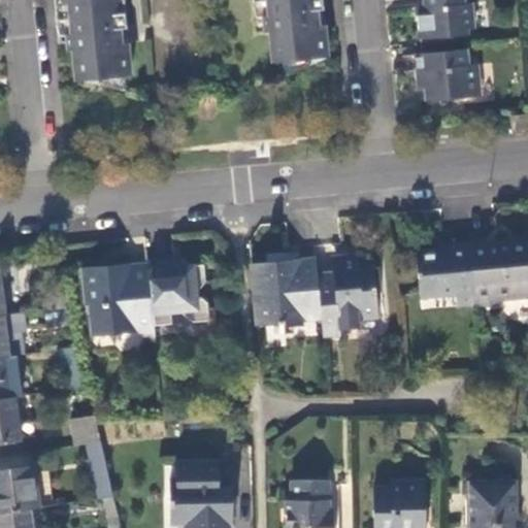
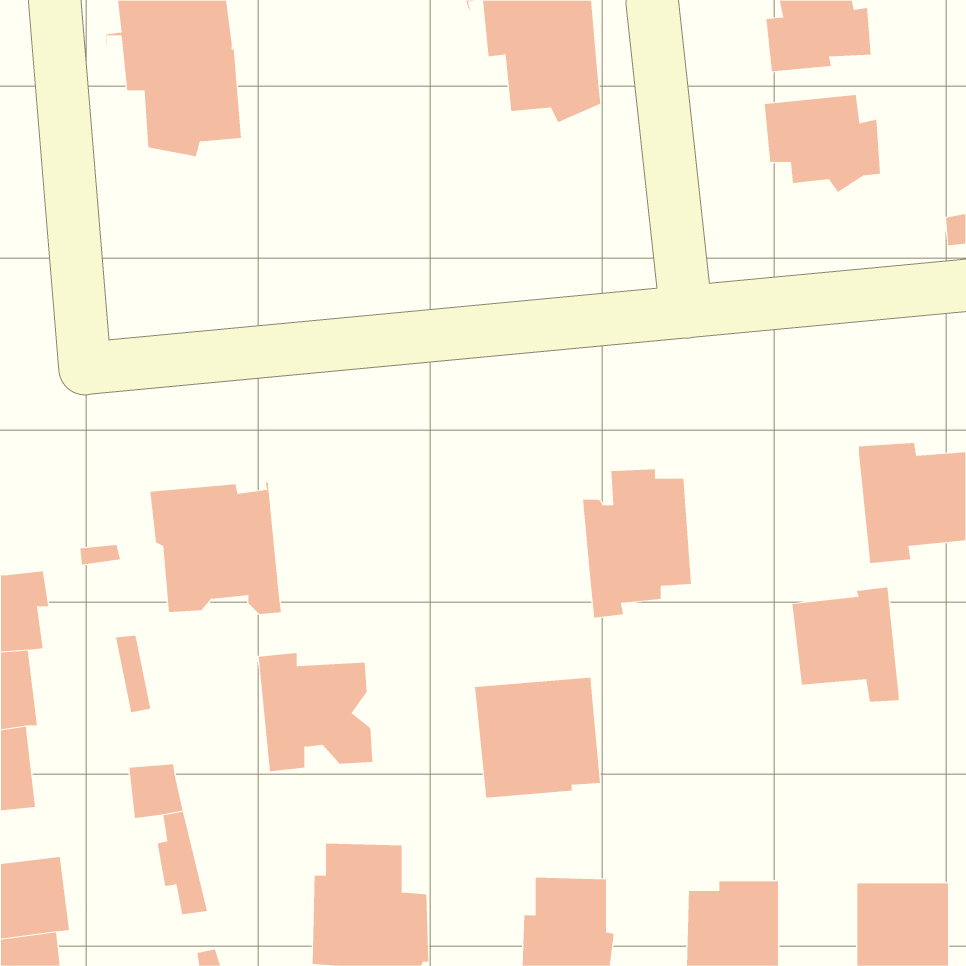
building: [416,248,474,310] -> [792,587,899,702]
building: [253,260,322,326] -> [474,677,601,798]
building: [146,261,209,326] -> [258,653,373,772]

